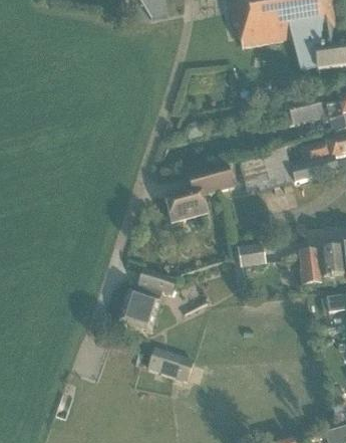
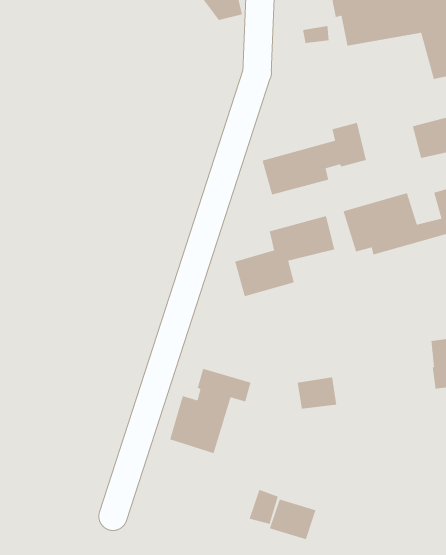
building: none -> [261,122,367,196]
building: [238,243,266,266] -> [297,376,337,410]
building: [147,346,181,375] -> [269,498,317,540]

